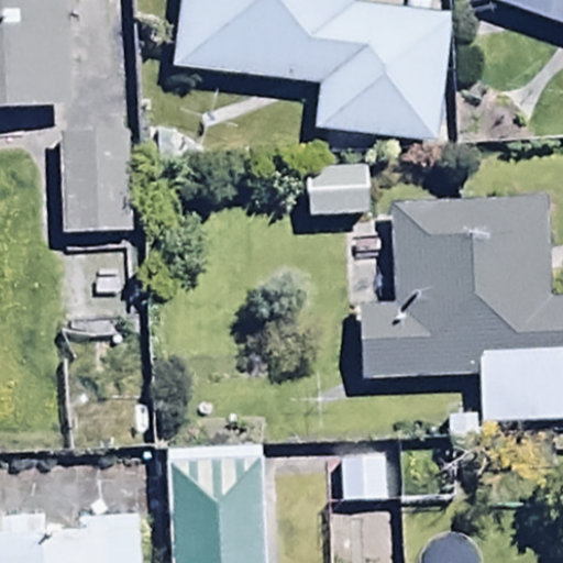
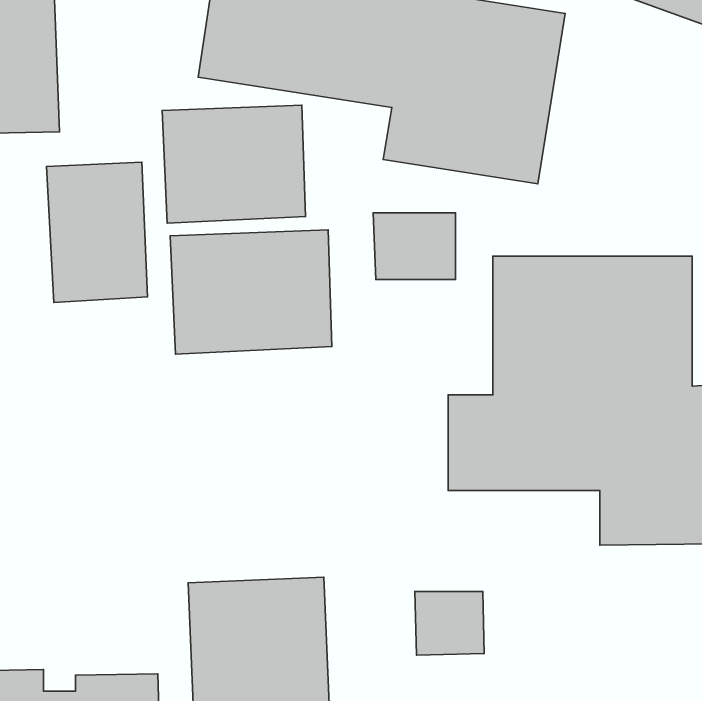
building: none -> [162,105,305,223]
building: none -> [170,230,332,354]

